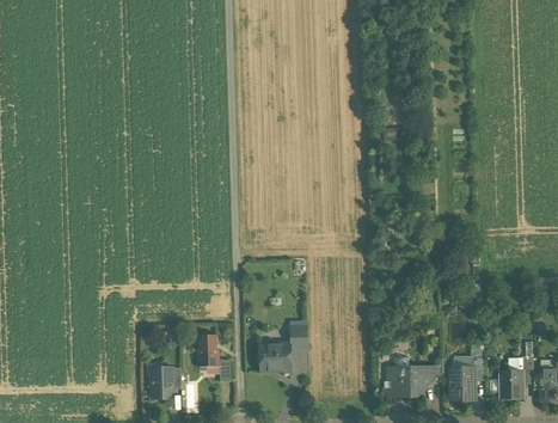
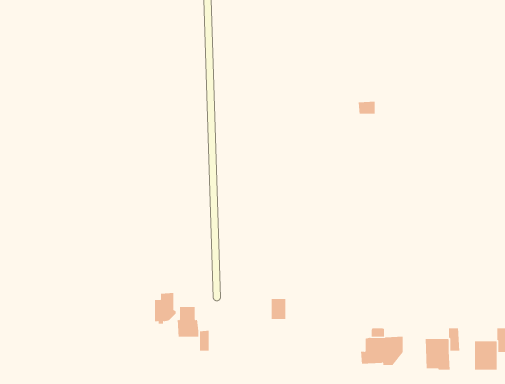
building: [257,344,292,373] -> none
building: [152,368,174,400] -> [154,292,177,324]

